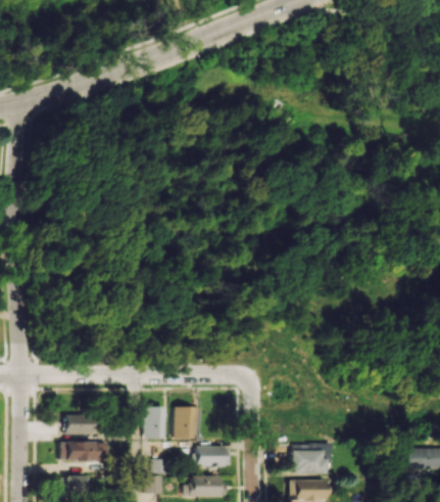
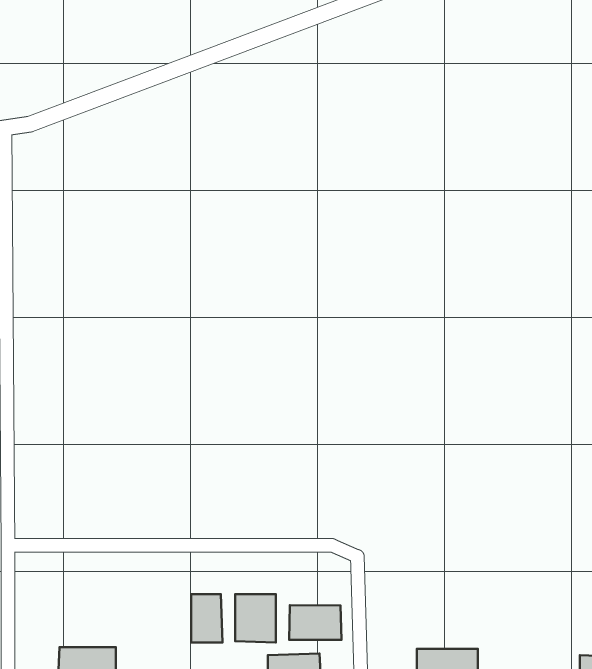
building: none -> [289,605,341,640]
building: [64,415,93,435] -> none

